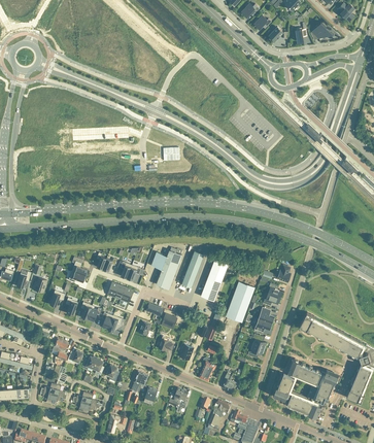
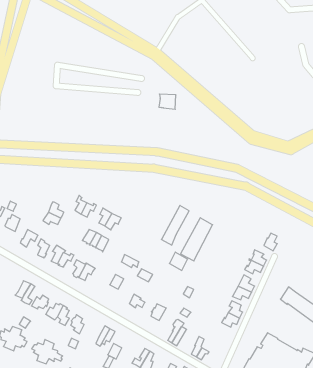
building: [150,249,180,287] -> none
building: [226,282,252,320] -> none

